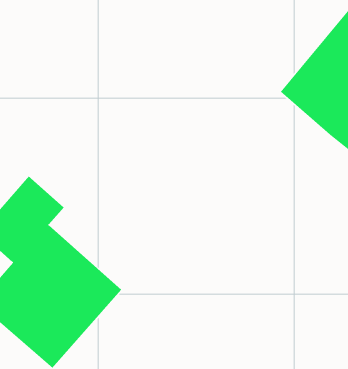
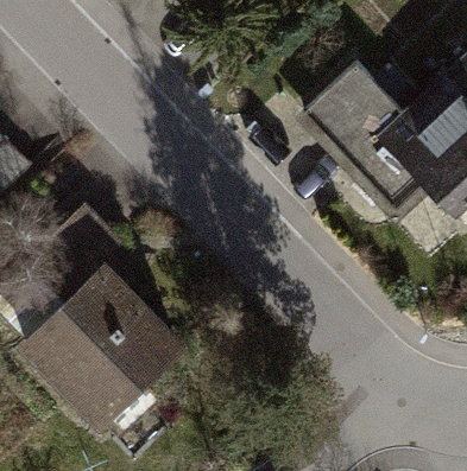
building: none -> [295,61,430,224]

